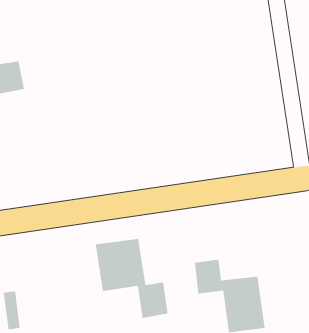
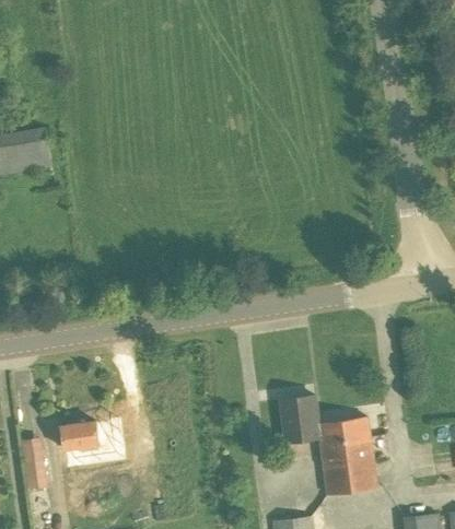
building: [95,238,168,319] -> none
building: none -> [59,422,115,455]

